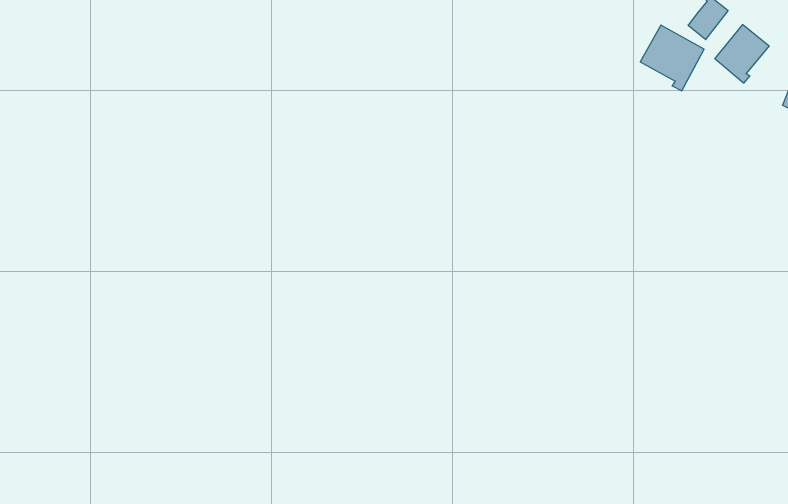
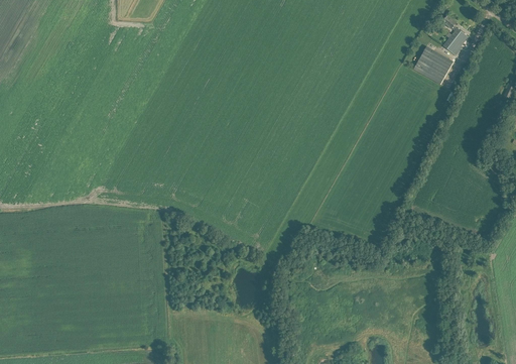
building: [715,25,769,83] -> none

